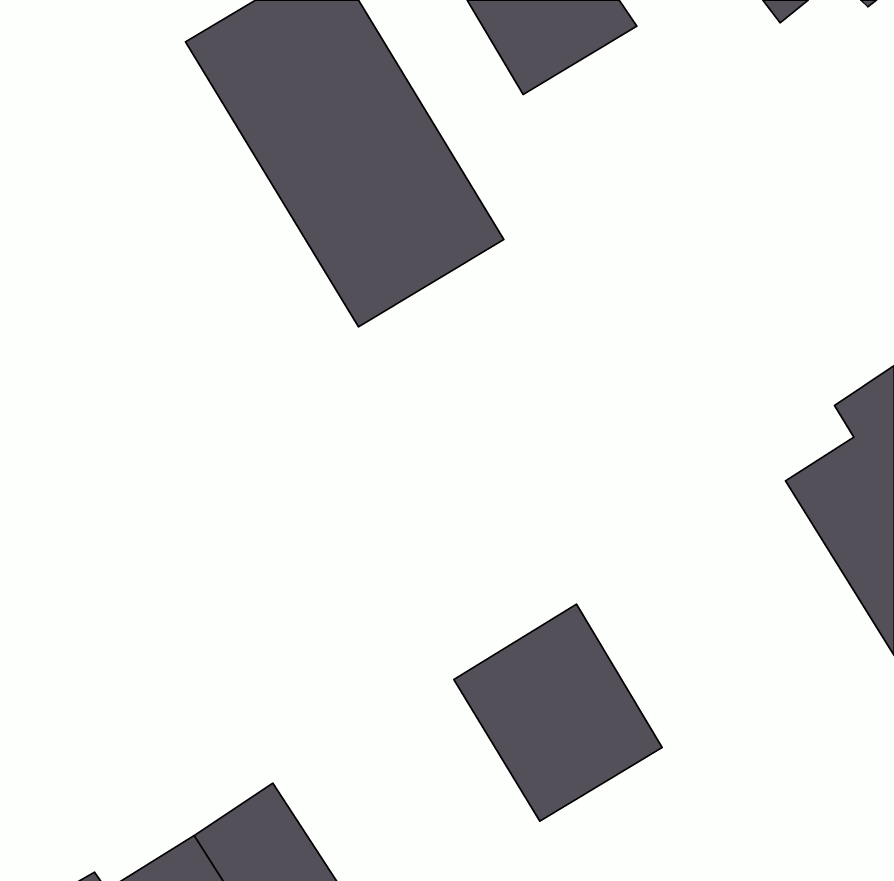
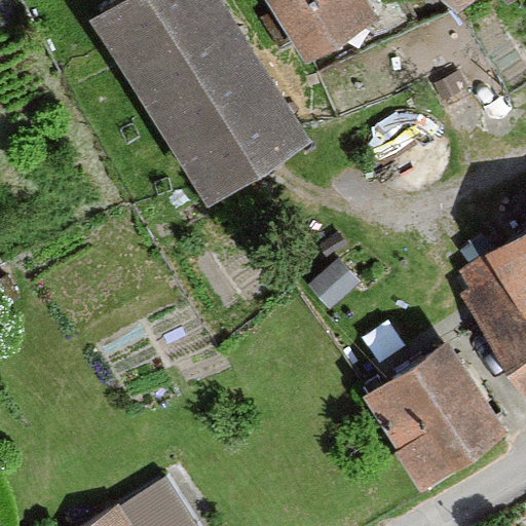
building: [454,604,662,821] -> [373,358,495,485]

